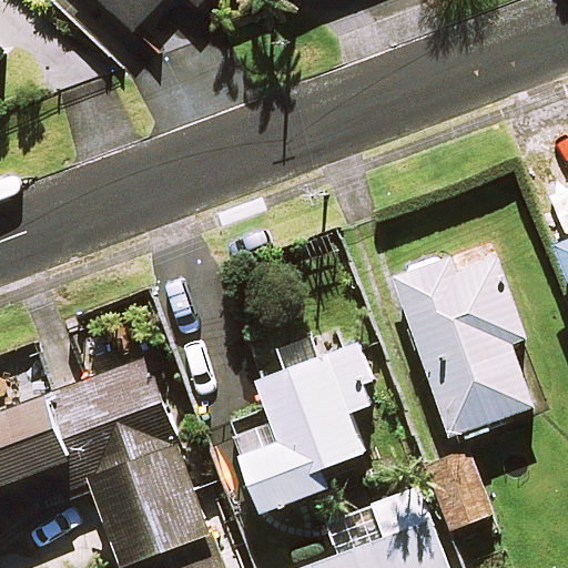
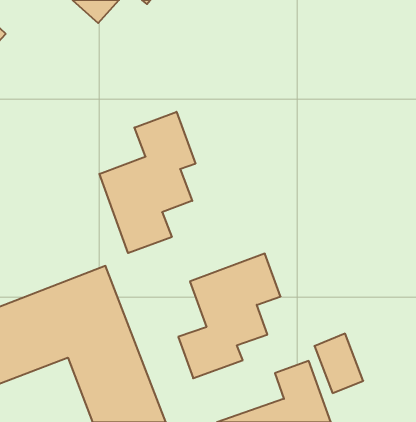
building: none -> [99,112,195,253]
building: [390,244,530,437] -> none

